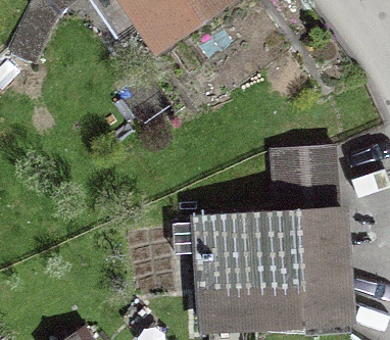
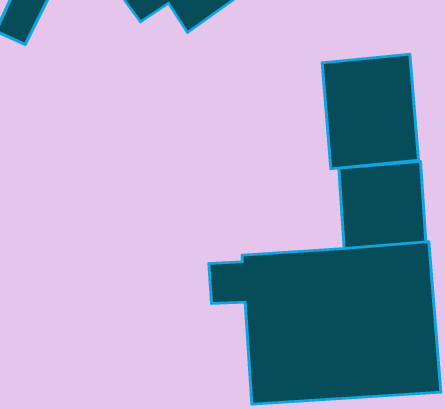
building: none -> [322,54,418,169]

